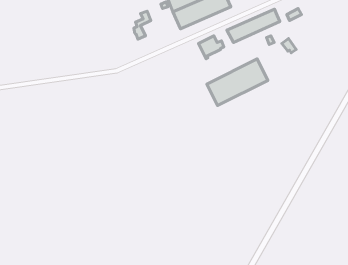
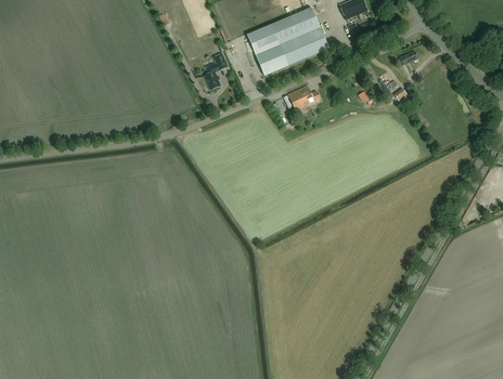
building: [227,9,280,43] -> none
building: [207,59,268,106] -> none

